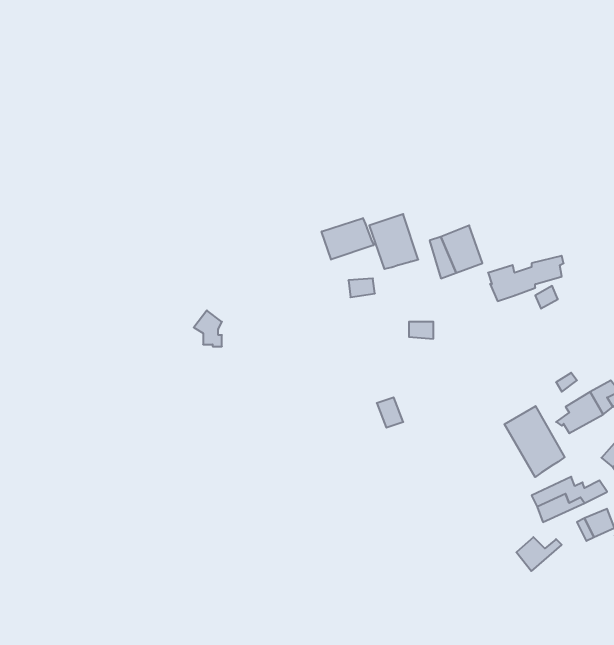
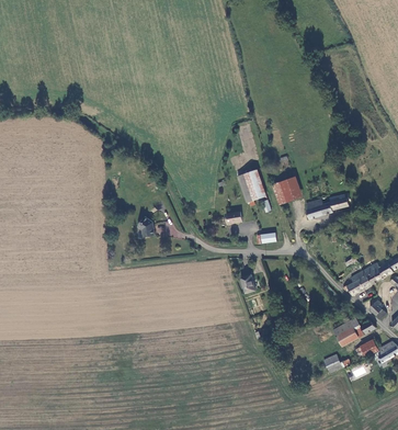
building: [322,218,374,260] -> none
building: [504,406,565,477] -> none

